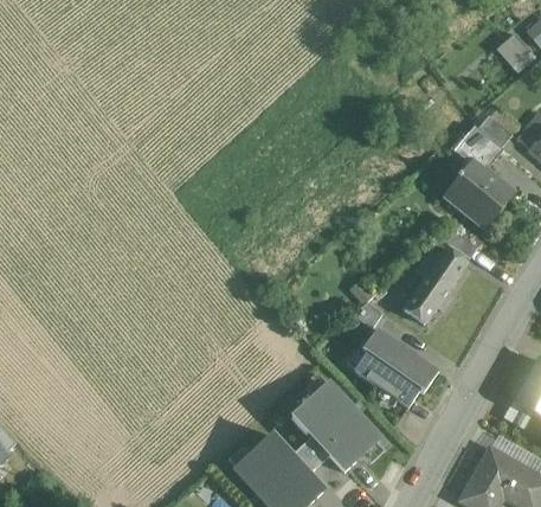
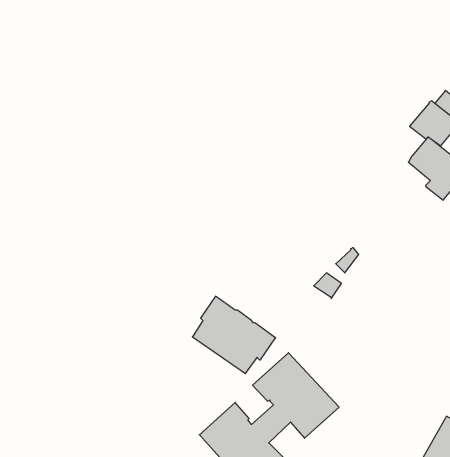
building: [405,246,468,322] -> none
building: [354,327,439,406] -> [192,296,276,374]

